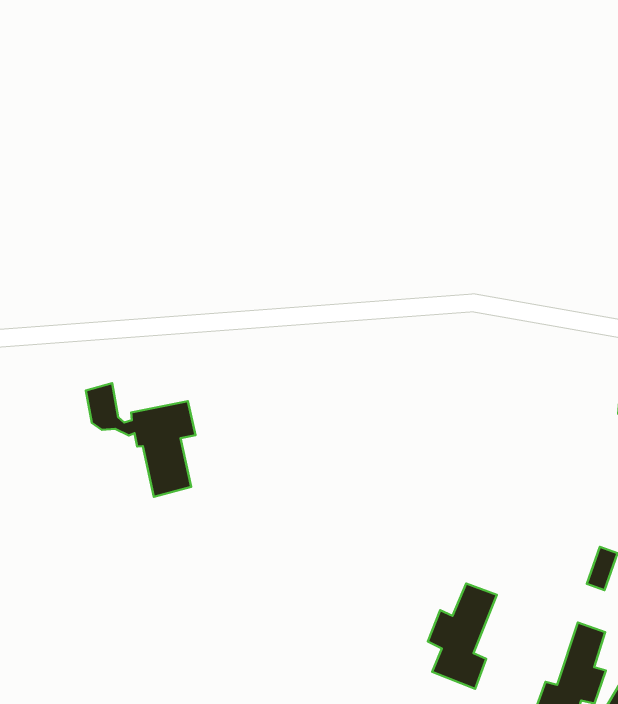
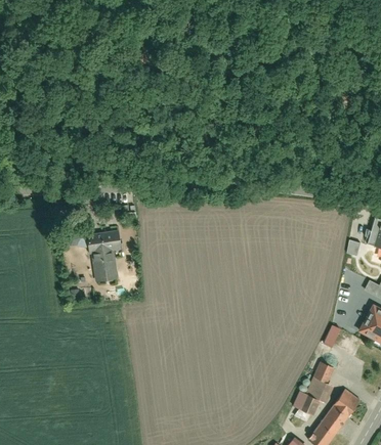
building: [428,584,497,689] -> none

